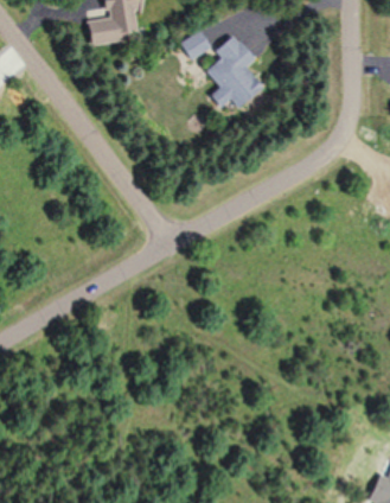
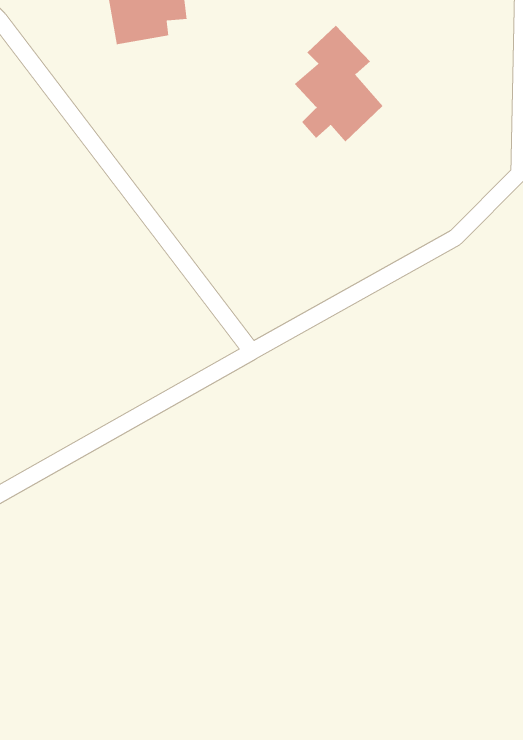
building: [180,31,212,59] -> none

